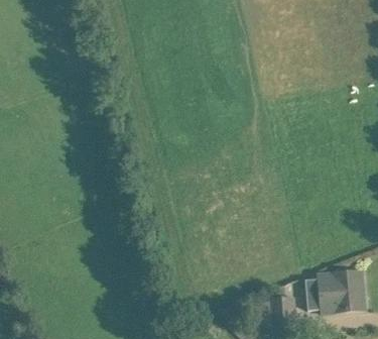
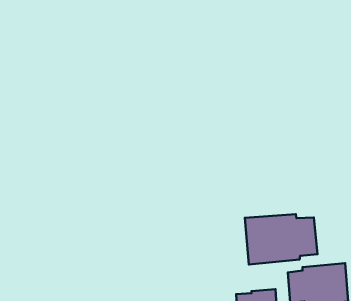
building: none -> [245,214,317,264]

